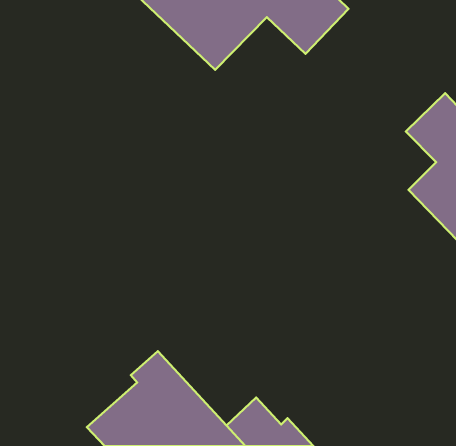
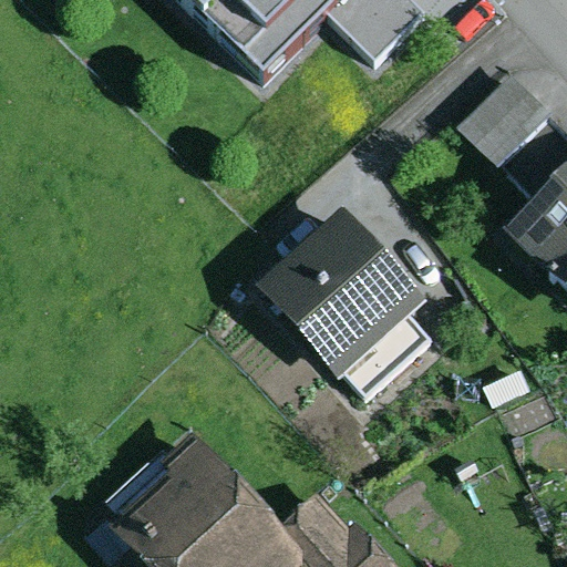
building: none -> [457,70,556,167]
building: none -> [256,209,434,395]

